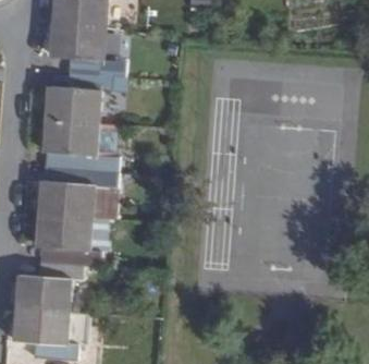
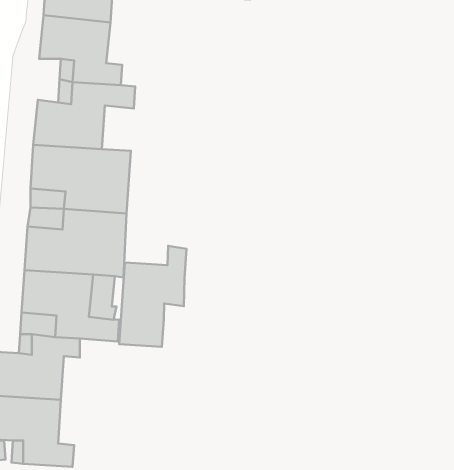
building: none -> [119,246,187,347]

